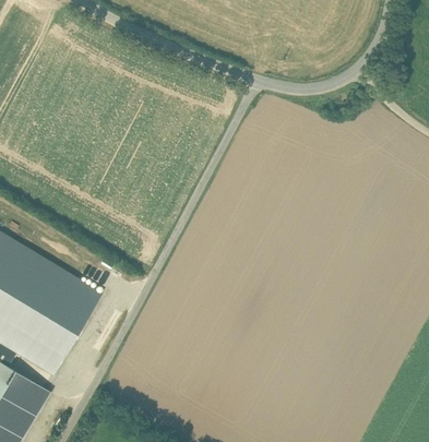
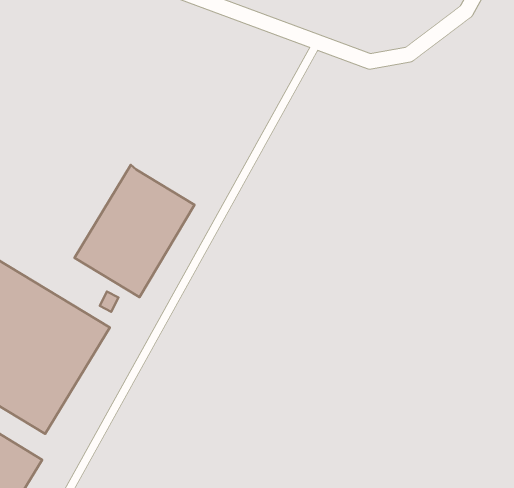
building: none -> [74,165,195,297]

